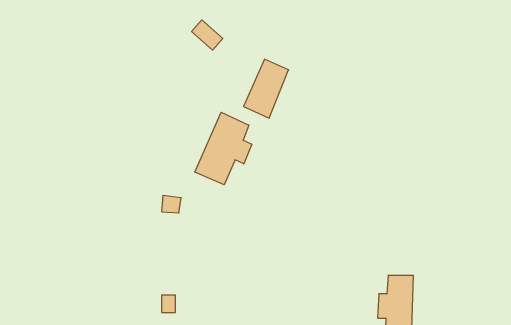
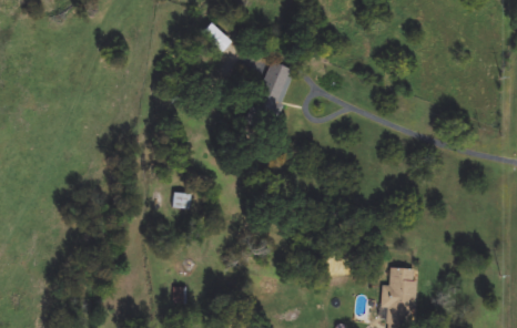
building: [195,112,252,185] -> none

